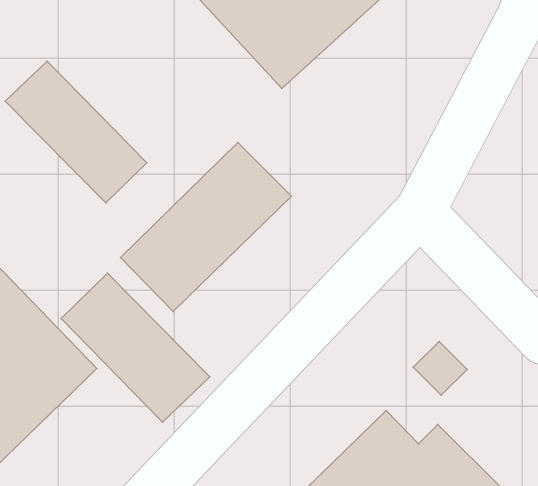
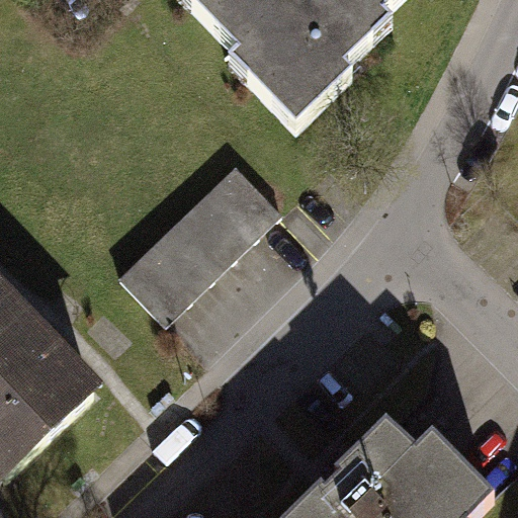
building: [5,61,147,203] -> none
building: [61,273,210,422] -> none

